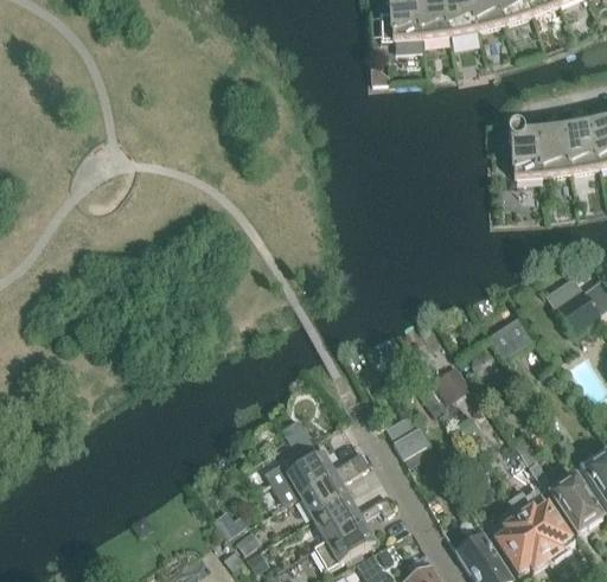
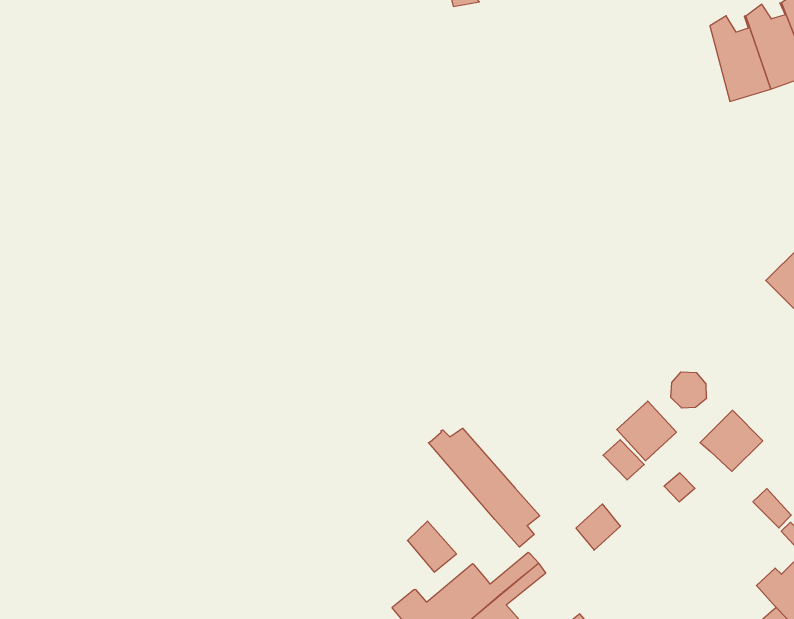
building: [509,121,544,177] -> none
building: [490,318,531,358] -> [700,410,763,471]
building: none -> [428,428,540,547]

